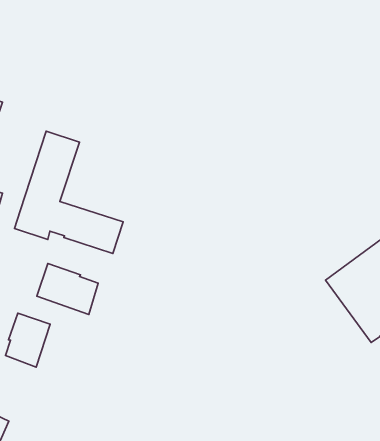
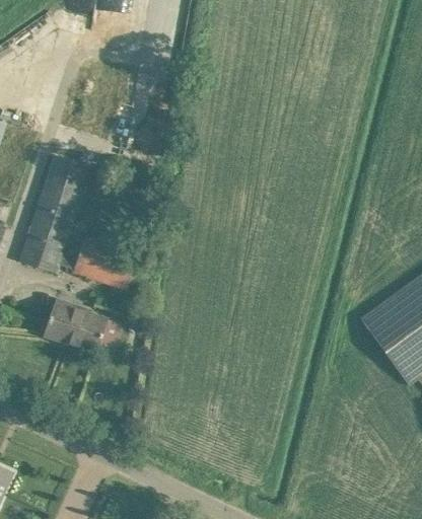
building: [6,313,50,367] -> none

